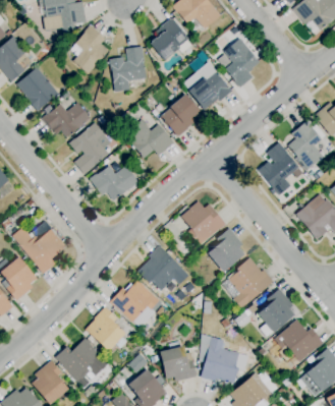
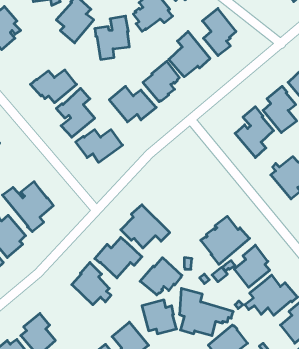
building: [17,67,59,111] -> none
building: [174,200,226,245] -> none
building: [208,228,245,272] -> none
building: none -> [140,258,182,295]
building: [55,338,108,382] -> none

